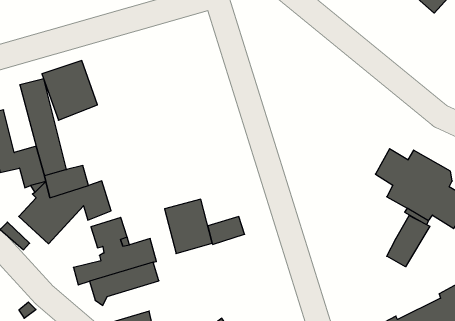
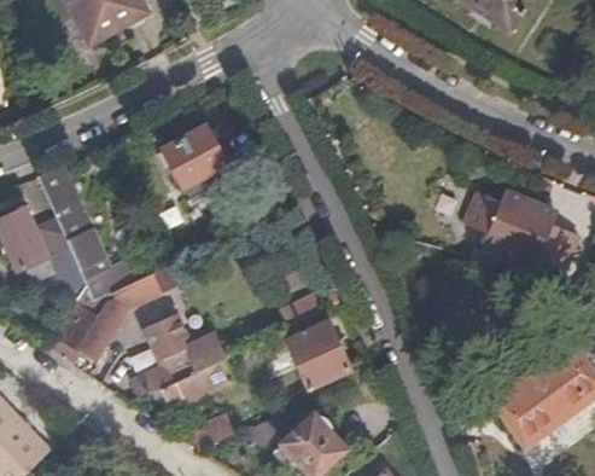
building: [42,61,97,120] -> [161,123,229,196]
building: [165,199,212,254] -> [287,319,348,385]
building: [387,216,430,267] -> none

